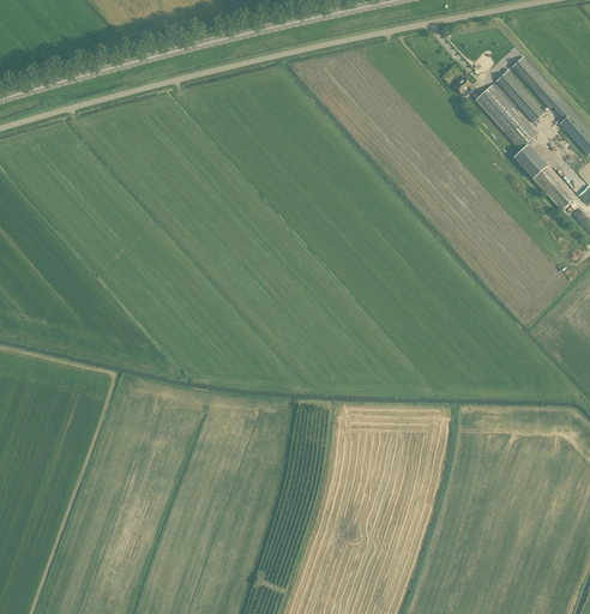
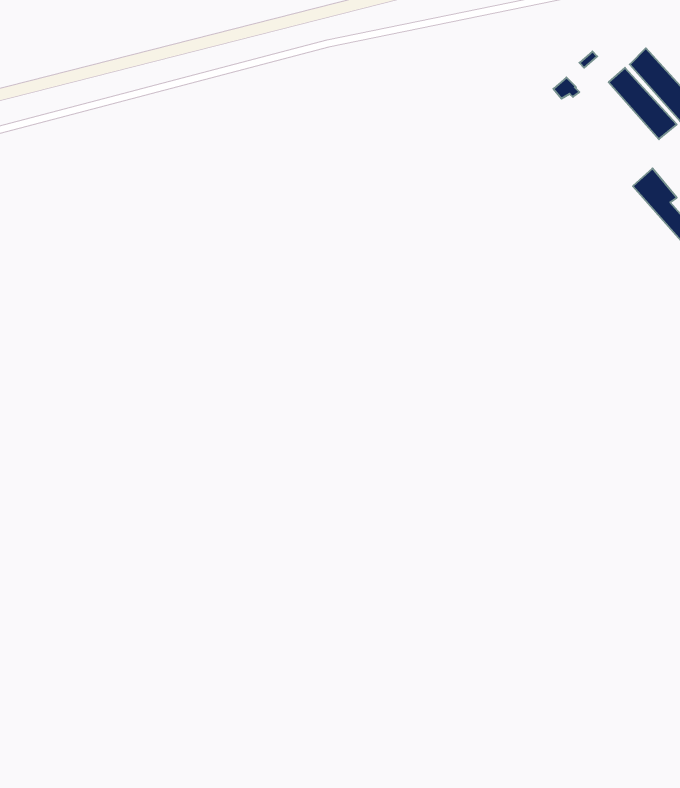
building: [476,83,537,148] -> none

